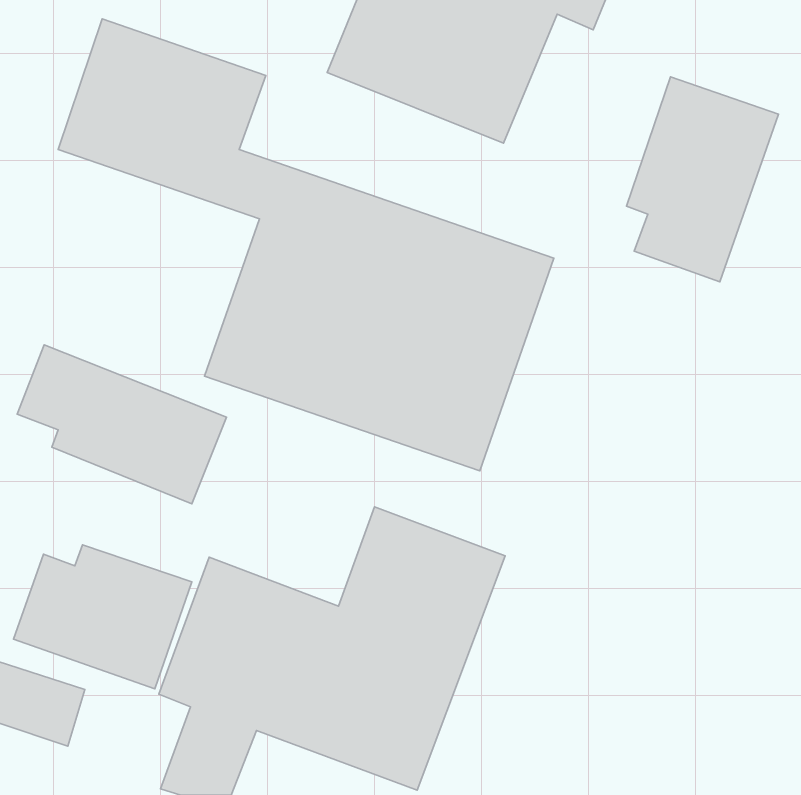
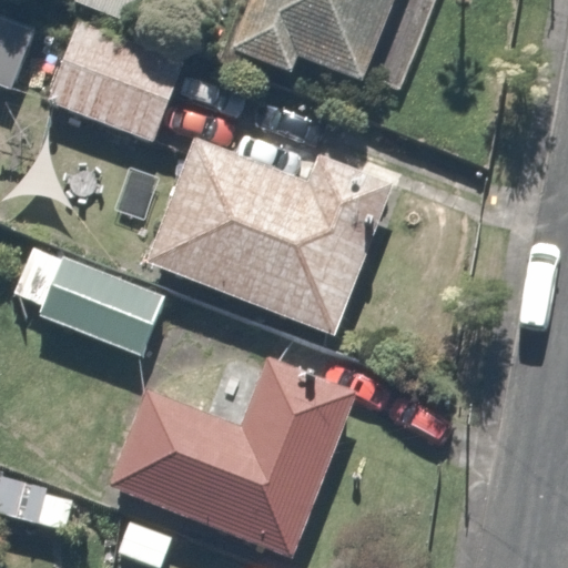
building: [627,77,779,282] -> none
building: [13,545,192,689] -> none

